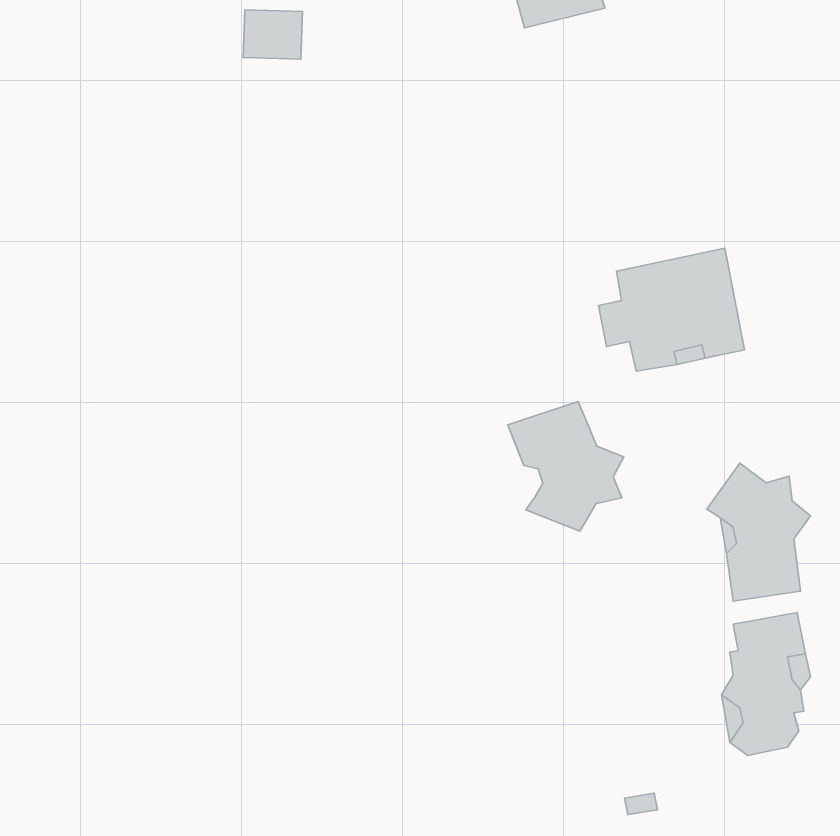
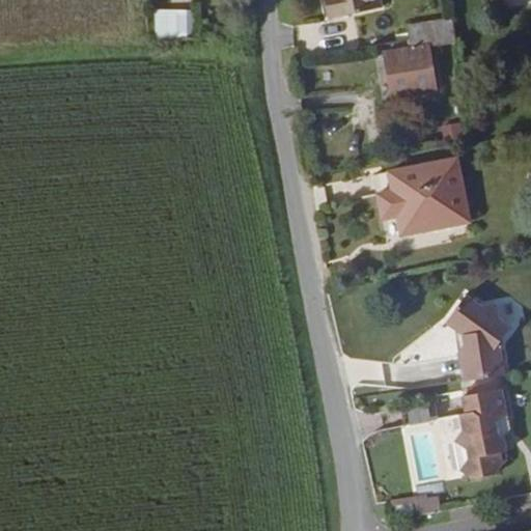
building: none -> [384,17,455,96]
building: [508,401,624,531] -> none

